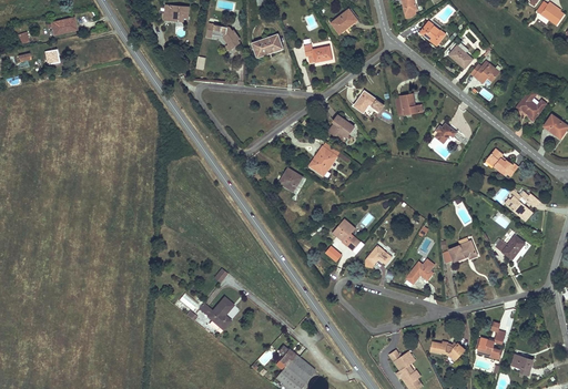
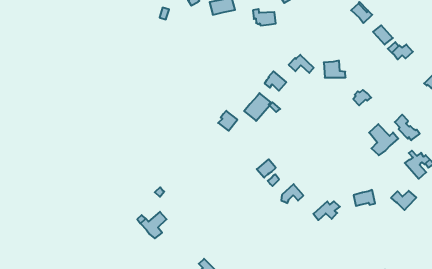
building: none -> [369,124,398,155]

